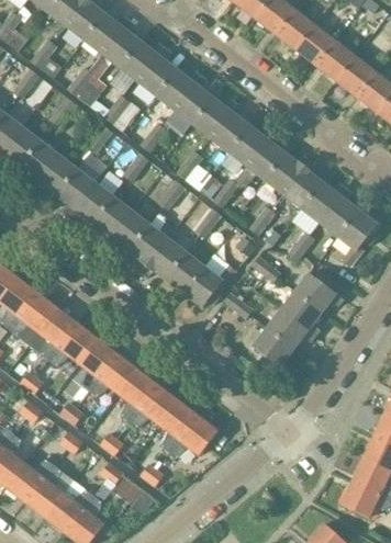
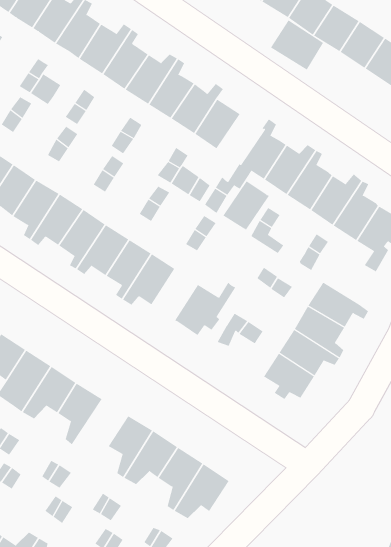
building: none -> [270,19,324,70]
building: [228,126,269,168] -> [223,180,270,231]
building: [164,250,203,302] -> none
building: [88,353,136,396] -> none

